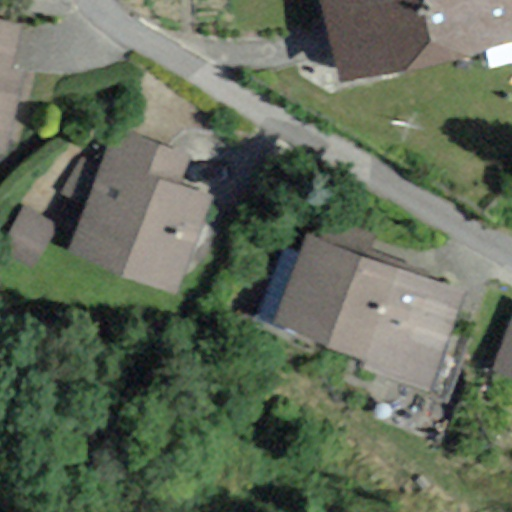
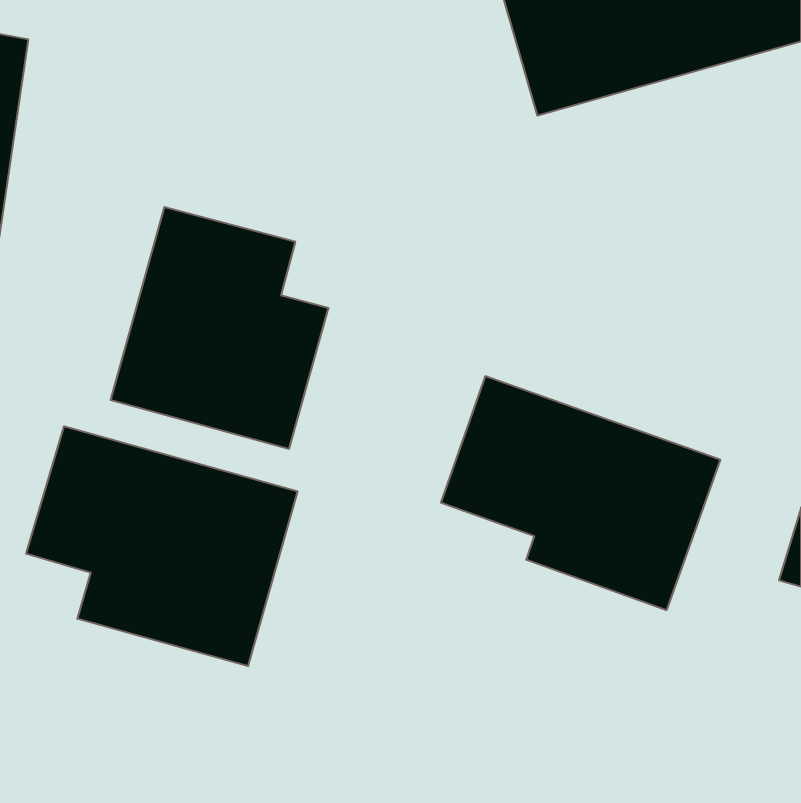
building: none -> [26,426,297,666]

